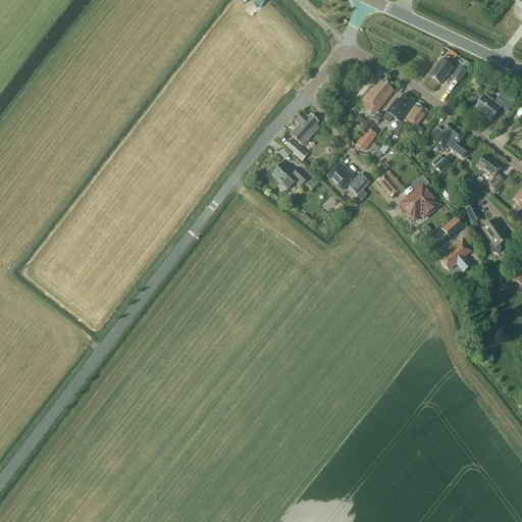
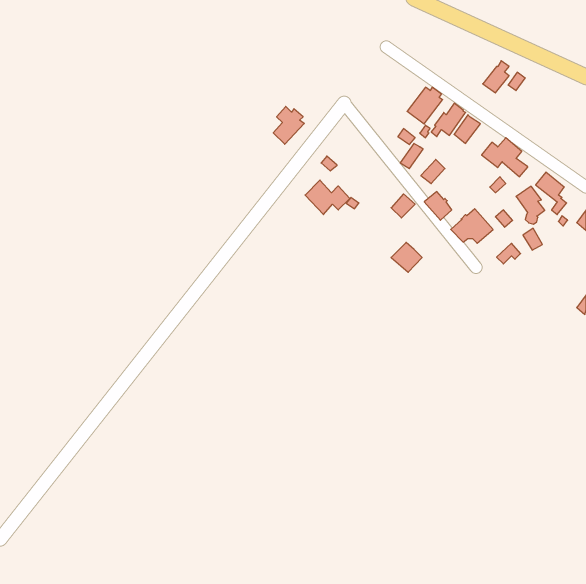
building: [474,89,517,120] -> none
building: [292,111,319,145] -> [273,106,304,144]
building: [326,162,354,189] -> [391,242,422,272]
building: [481,218,507,252] -> [516,186,545,224]
building: [439,238,471,271] -> none

